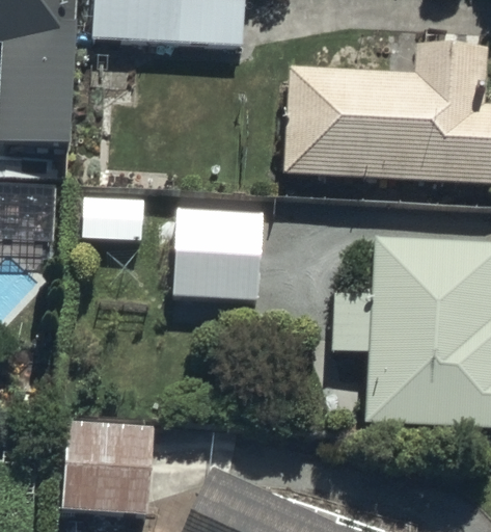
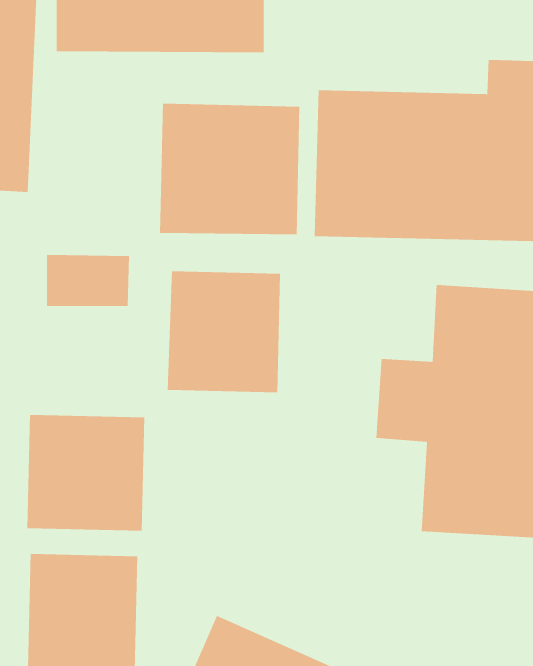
building: none -> [160,103,300,235]
building: none -> [27,414,145,532]

